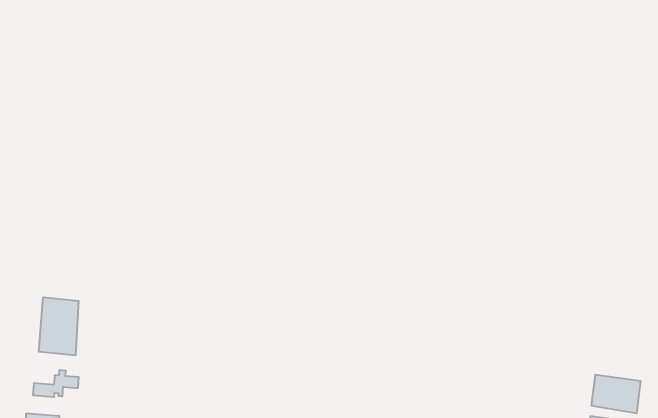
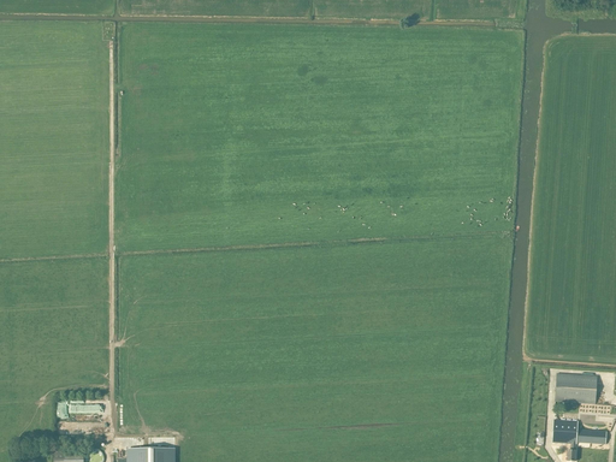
building: [39,297,78,355] -> none

